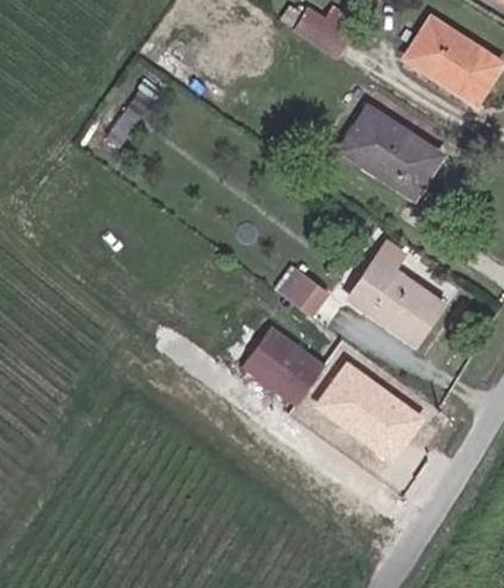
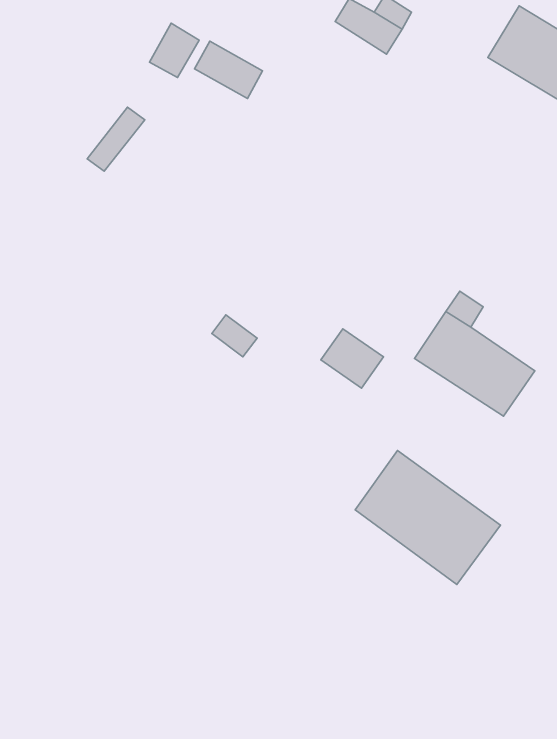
building: none -> [195,41,263,98]
building: [335,112,436,202] -> none
building: [239,316,320,395] -> none

